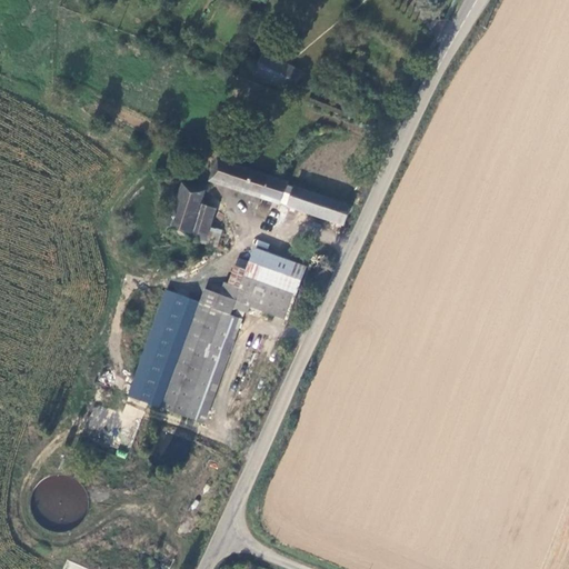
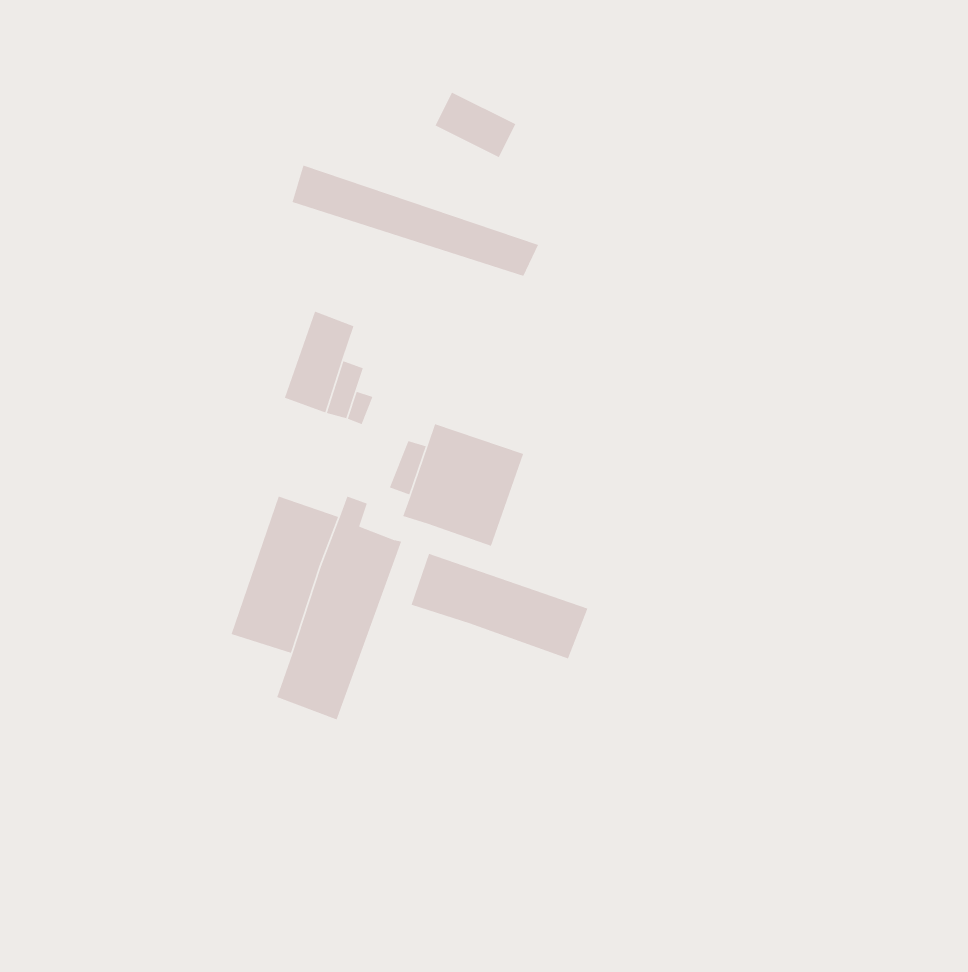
building: [212,160,357,226] -> [291,164,539,277]
building: [210,283,249,316] -> none
building: none -> [410,553,589,660]
building: [126,371,170,408] -> none

